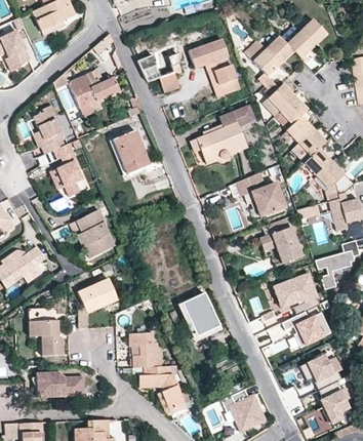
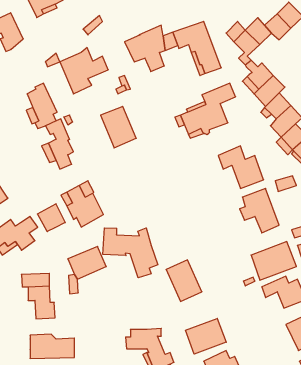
building: none -> [37,204,65,232]
building: none -> [103,228,158,278]
building: [129,332,161,366] -> none
building: none -> [185,318,226,354]

